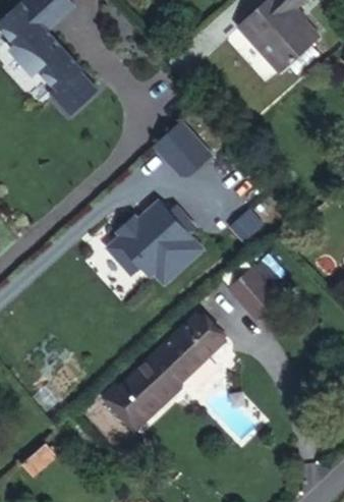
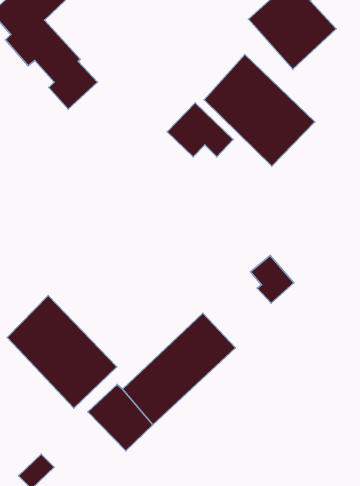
building: none -> [204,55,315,166]
building: [105,204,199,286] -> none
building: none -> [7,295,117,408]

